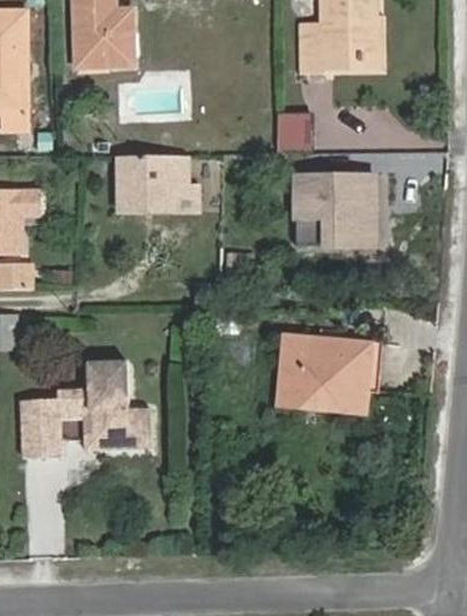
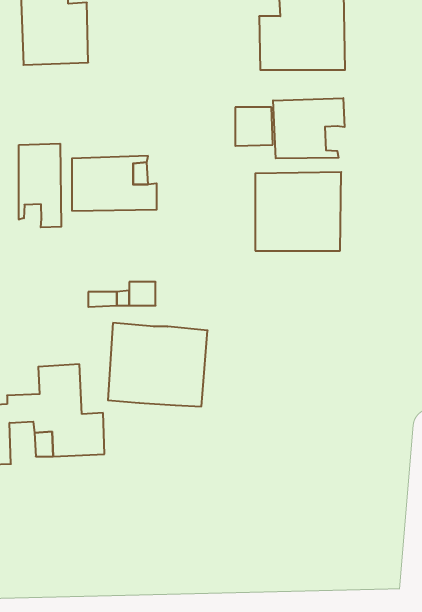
building: none -> [273,98,345,158]
building: none -> [19,144,61,227]
building: [278,333,374,414] -> [108,323,208,406]

